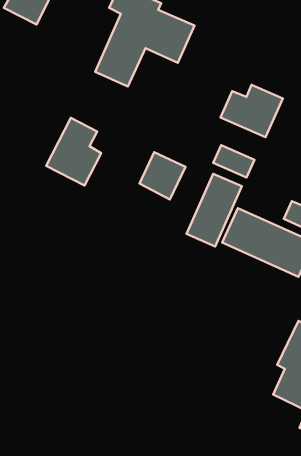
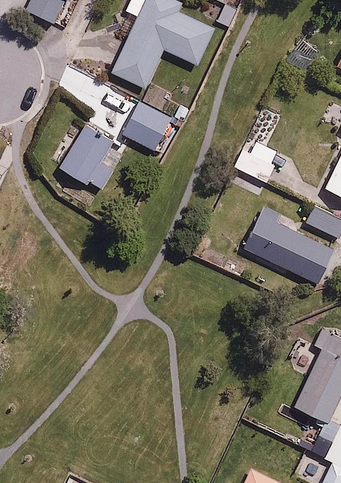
building: [221,85,283,137] -> none
building: [139,152,186,199] -> [124,102,171,150]
building: [187,174,242,246] -> none

